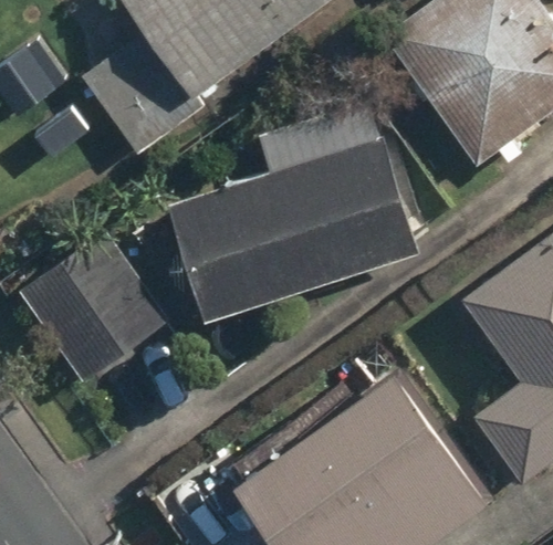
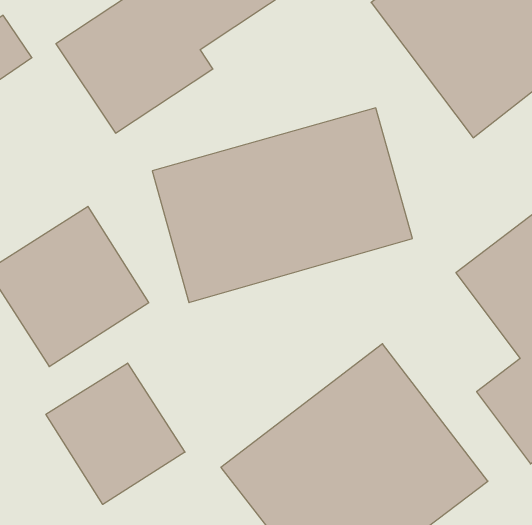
building: none -> [46,363,185,504]

